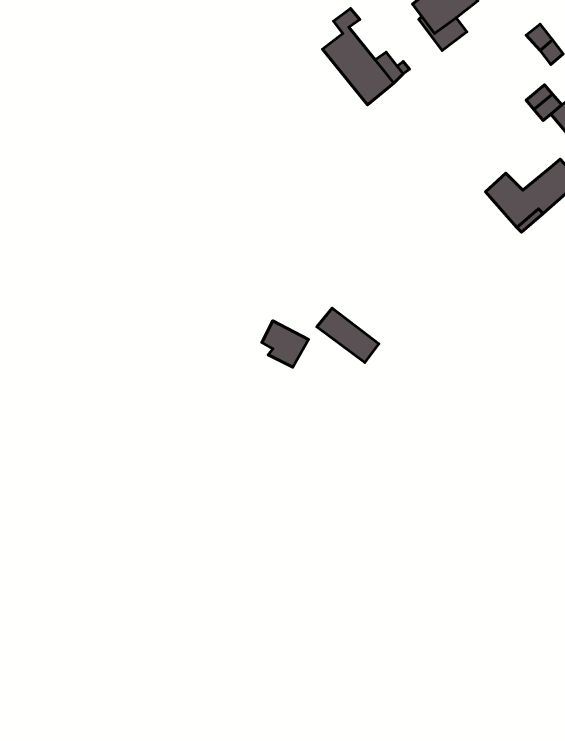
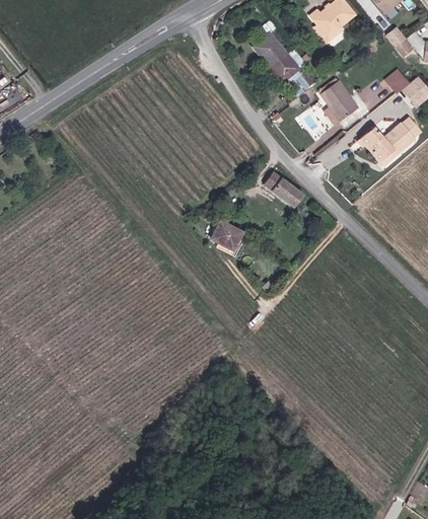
building: none -> [319,80,358,121]
building: [317,308,379,362] -> [263,171,303,207]

